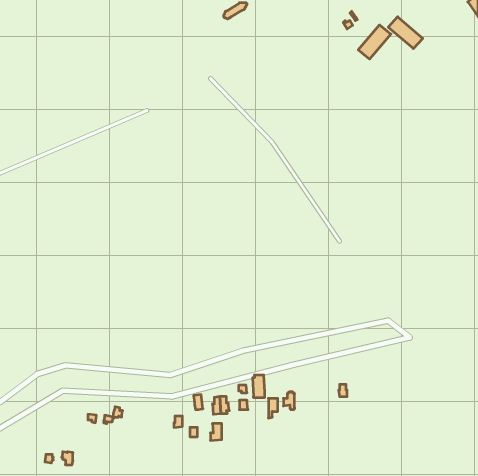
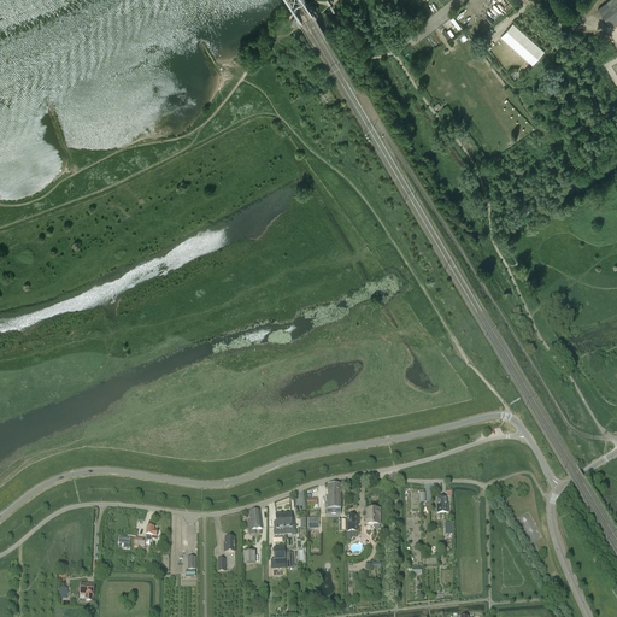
building: [358,25,391,59] -> none

